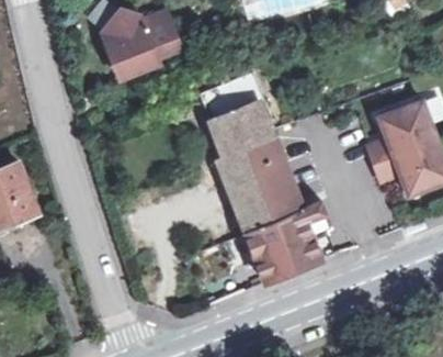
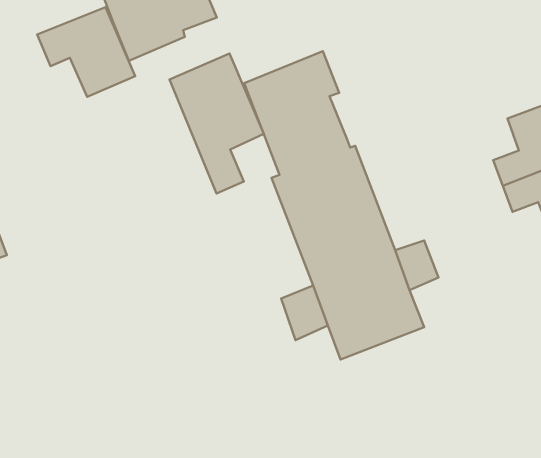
building: none -> [37,7,135,97]
building: none -> [169,54,264,193]

